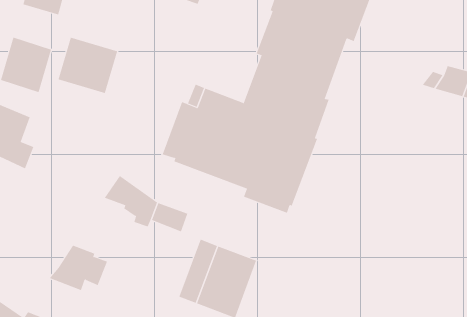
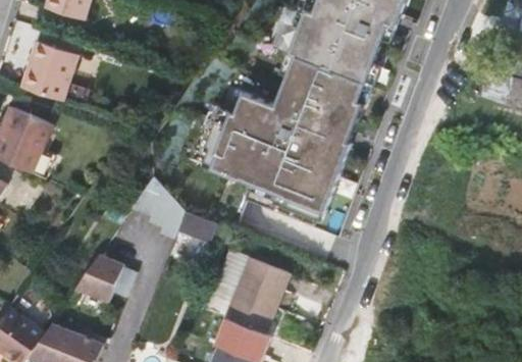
building: [58,37,118,94] -> none

